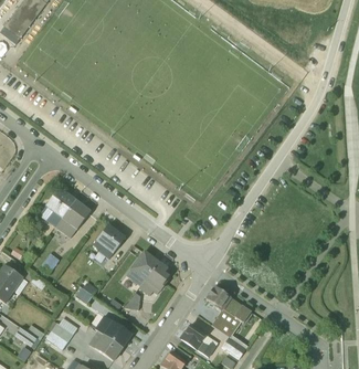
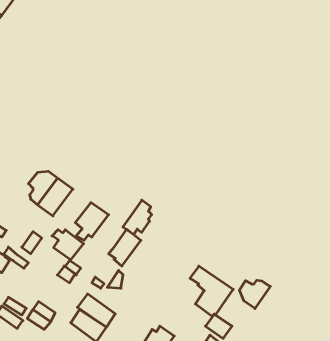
building: none -> [52,230,84,260]
building: [139,262,168,296] -> [123,200,152,235]
building: none -> [239,280,270,309]
building: [179,324,219,357] -> none

